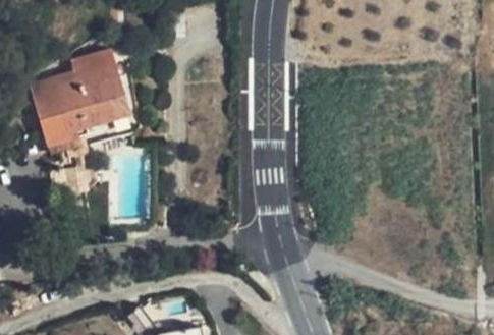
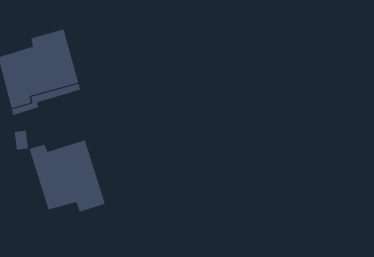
building: none -> [29,140,105,212]

